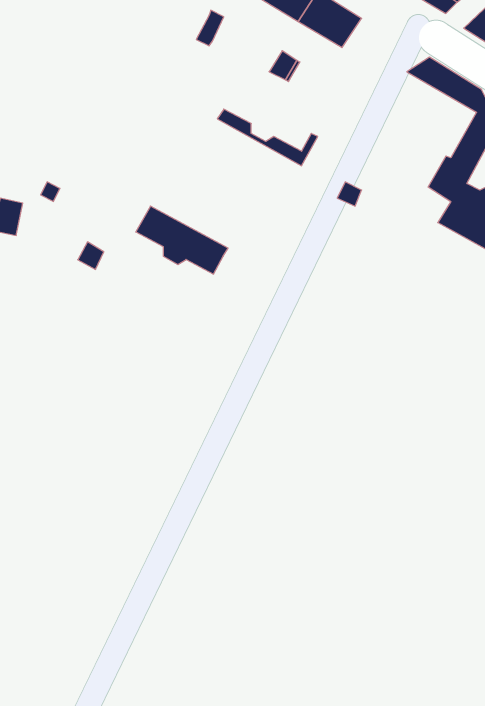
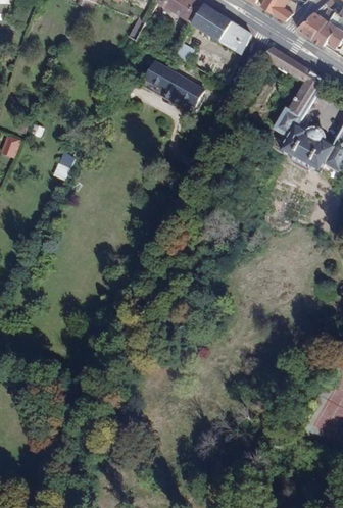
building: none -> [220,21,251,53]
building: [136,206,228,274] -> [146,62,204,105]

